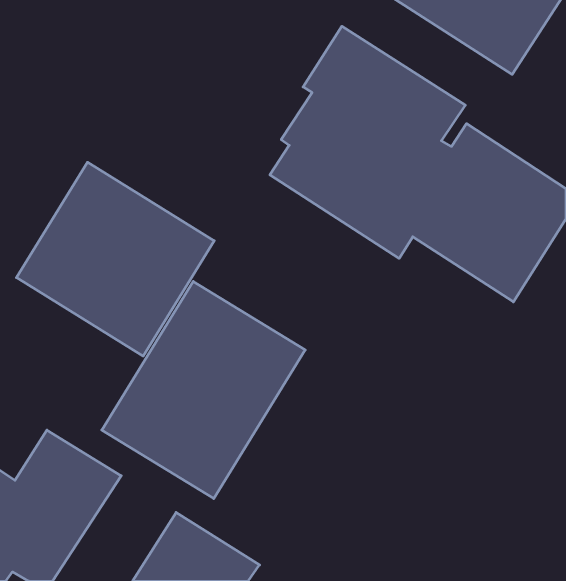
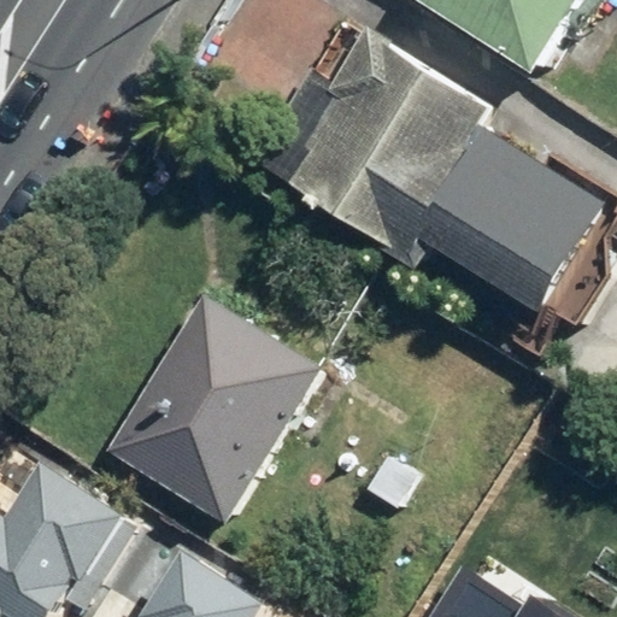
building: [16,162,214,356] -> none

